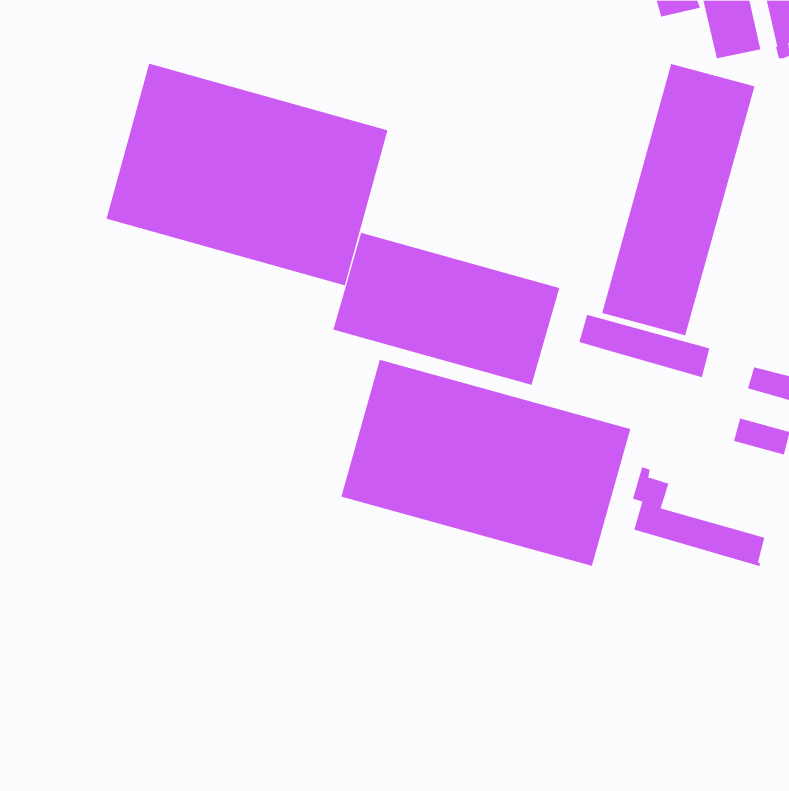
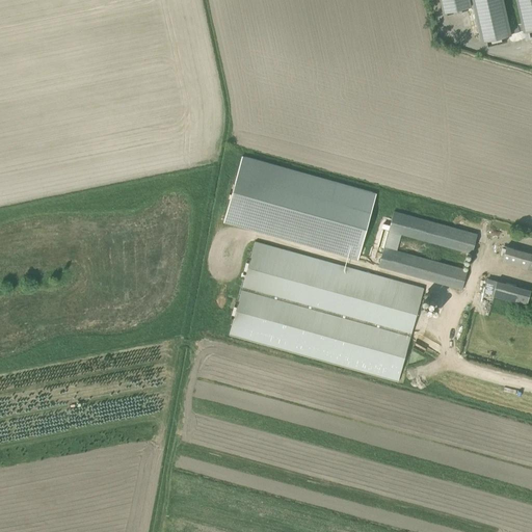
building: [106,63,388,286] -> none
building: [601,63,755,336] -> none
building: [632,466,765,567] -> [378,222,468,290]

